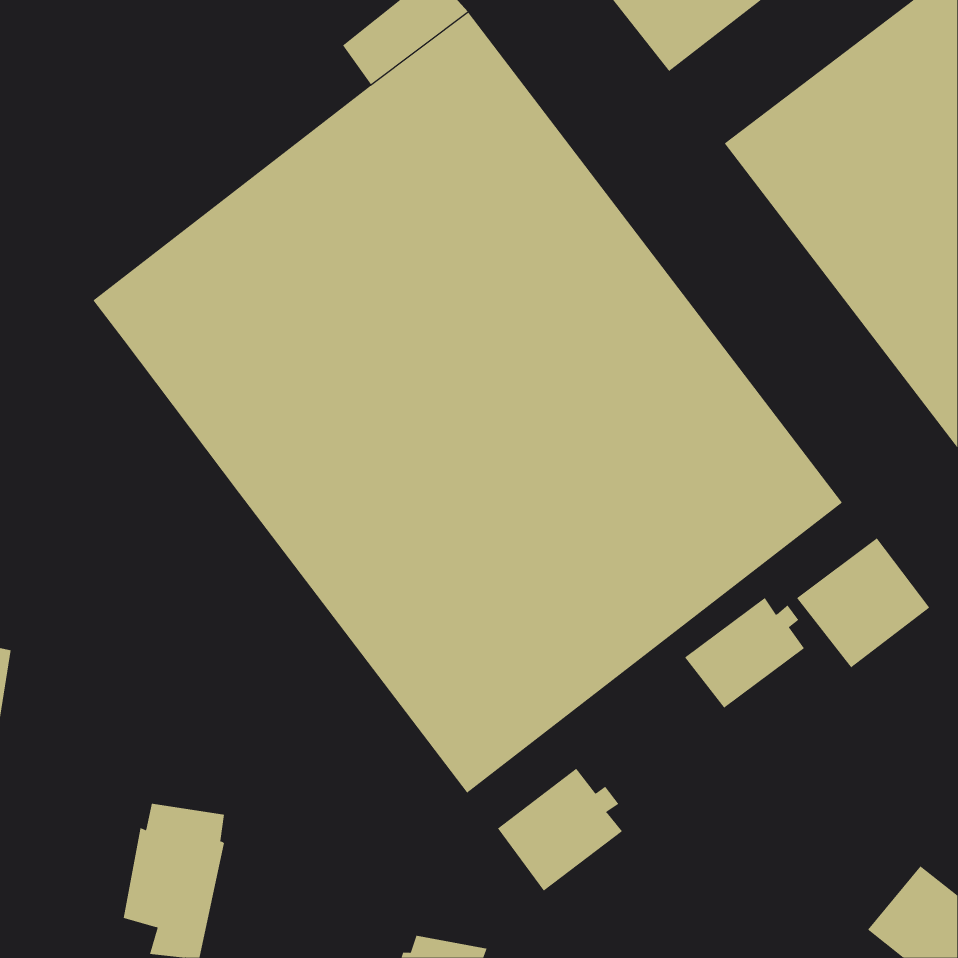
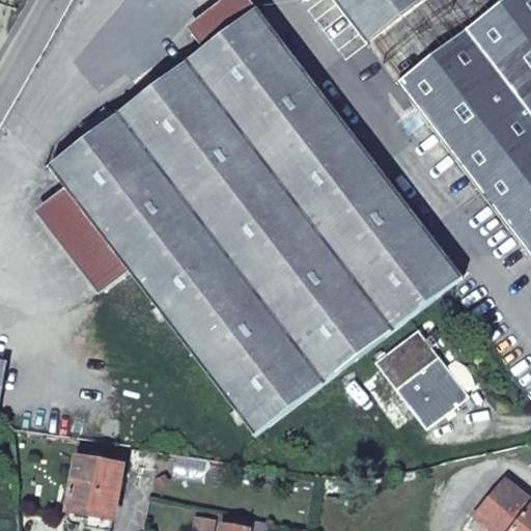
building: none -> [36,187,131,292]
building: [796,538,930,668] -> [397,356,471,427]
building: [497,768,623,892] -> none

